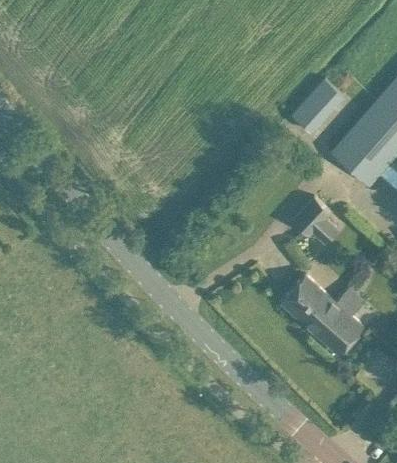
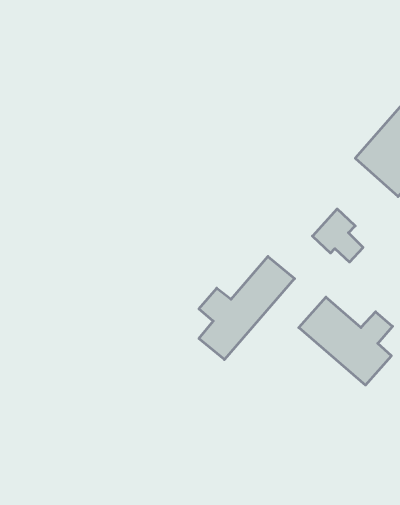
building: [290,79,343,133] -> none
building: none -> [199,256,295,360]

